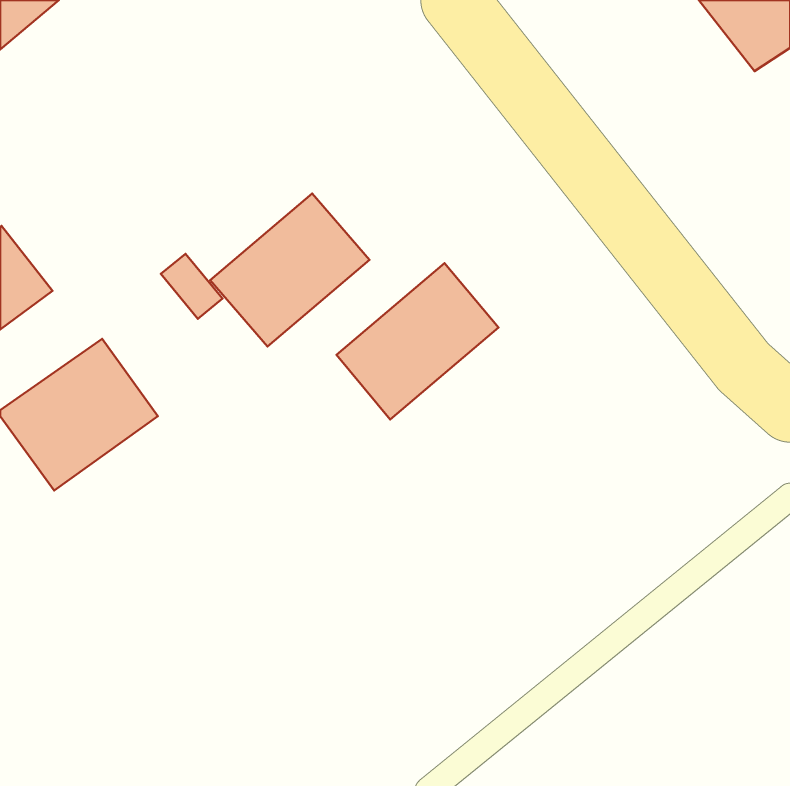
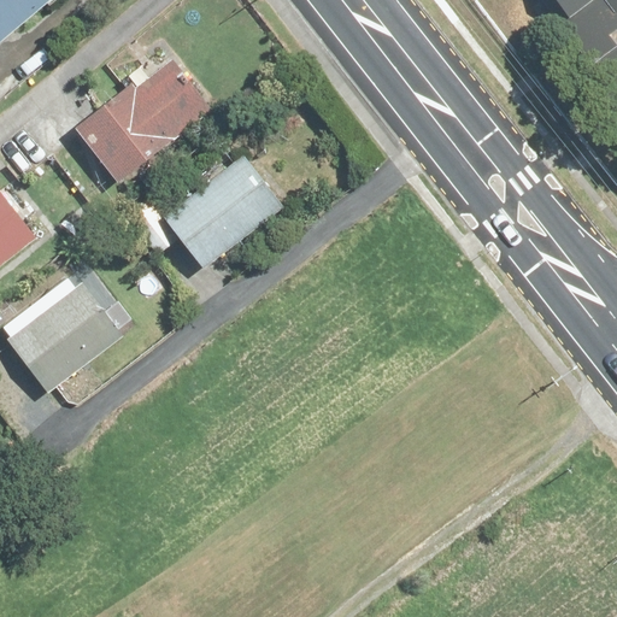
building: none -> [72,54,208,184]
building: [336,263,498,419] -> none

